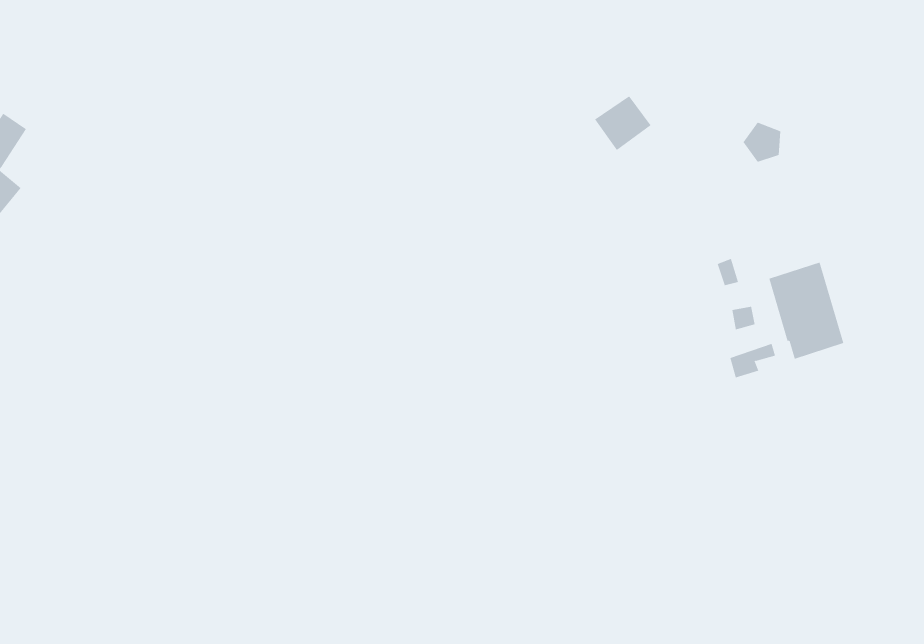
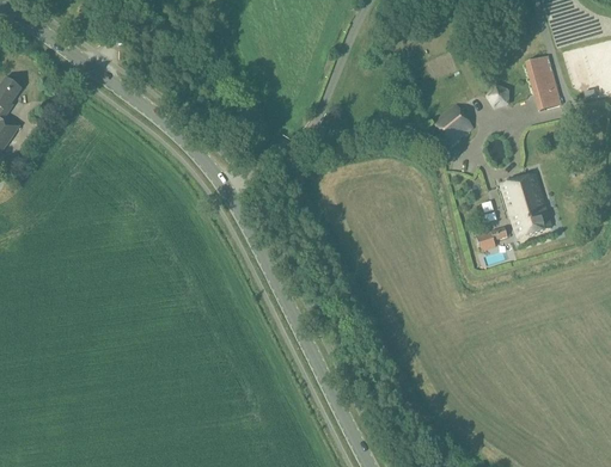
building: none -> [526,53,562,109]
building: [594,96,652,151] -> [435,105,472,141]

